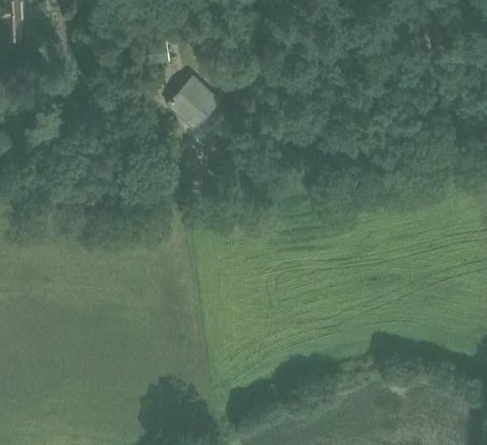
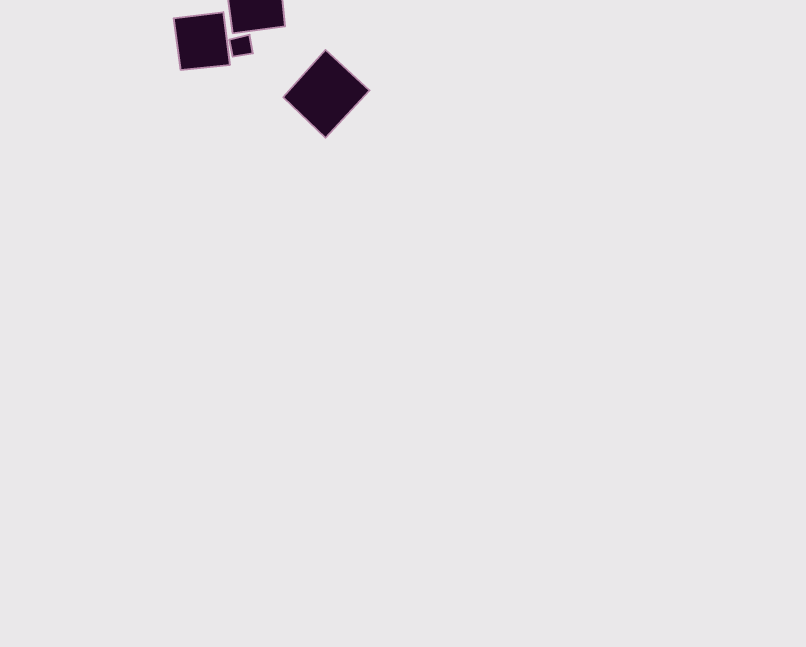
building: none -> [174,12,230,70]

